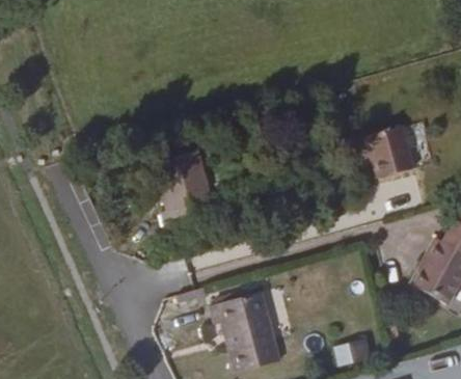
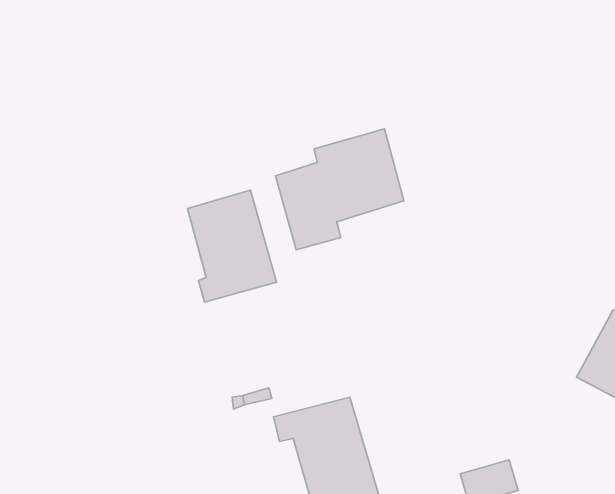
building: none -> [275,129,404,250]
building: [367,131,415,182] -> none

